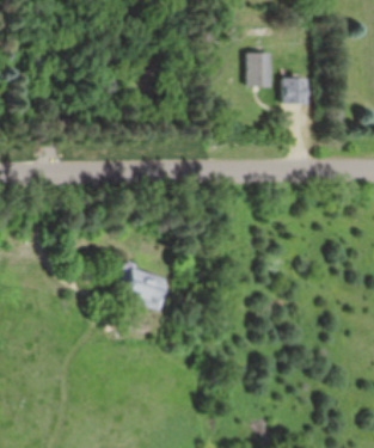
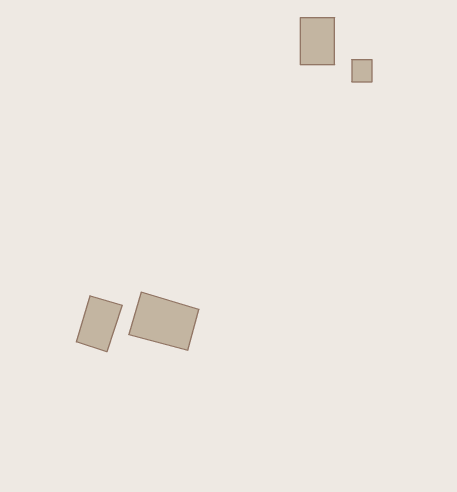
building: none -> [76,296,122,352]

